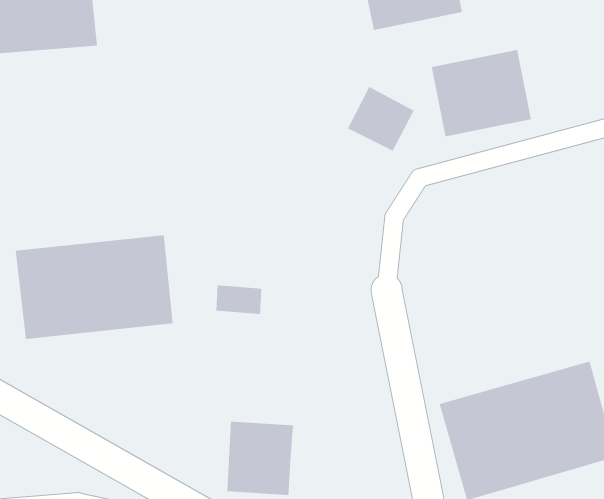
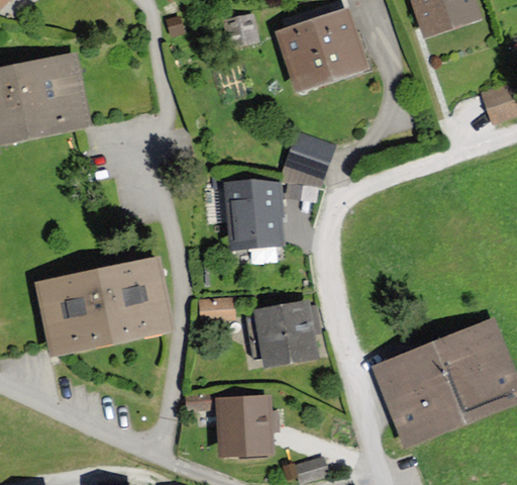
building: [431,49,532,137] -> none
building: none -> [228,183,282,247]
building: none -> [256,303,315,366]

